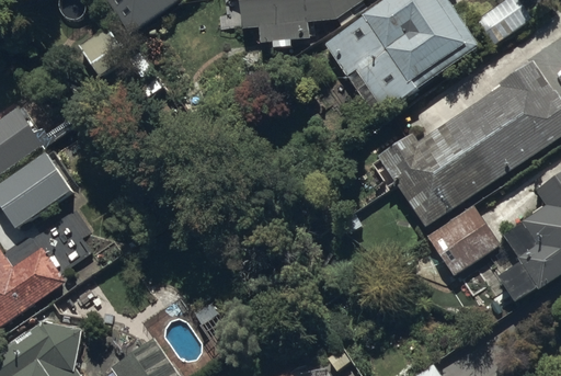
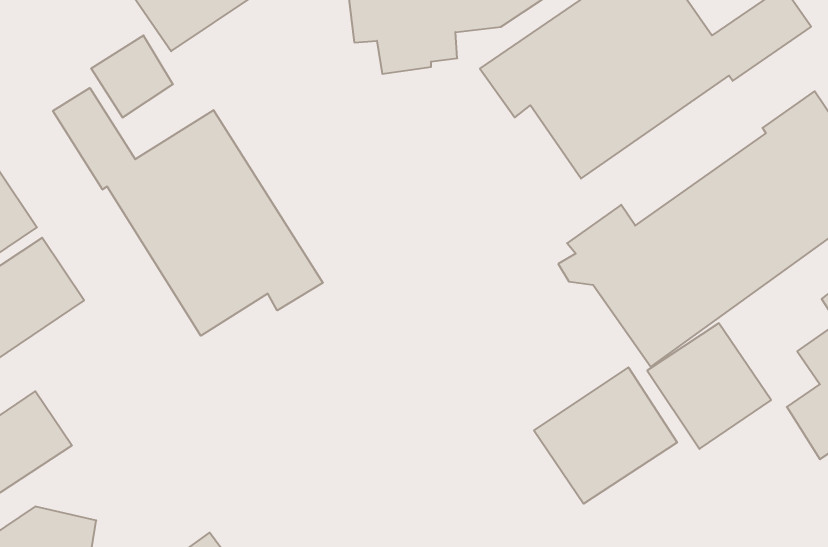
building: none -> [53,88,323,336]
building: none -> [534,367,677,504]

